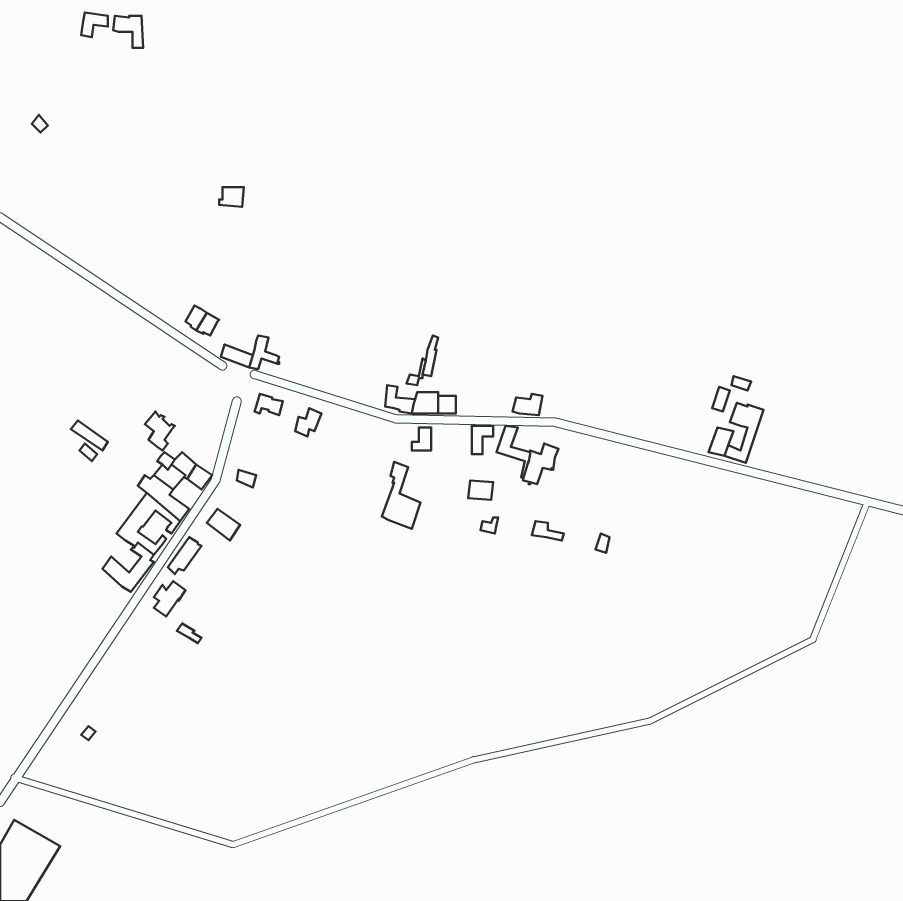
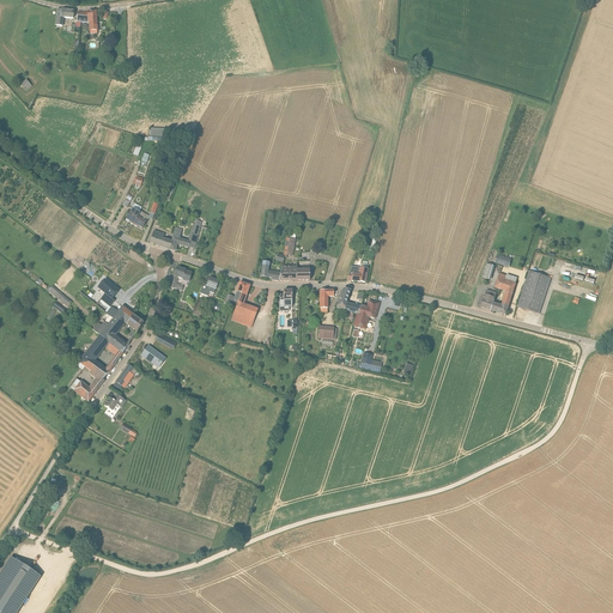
building: none -> [517,269,551,312]
building: [382,462,421,529] -> [231,281,257,327]

